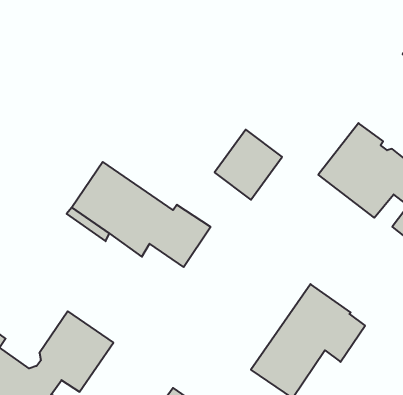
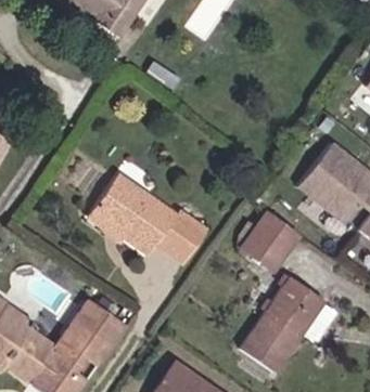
building: [215,130,282,200] -> [243,211,299,270]

